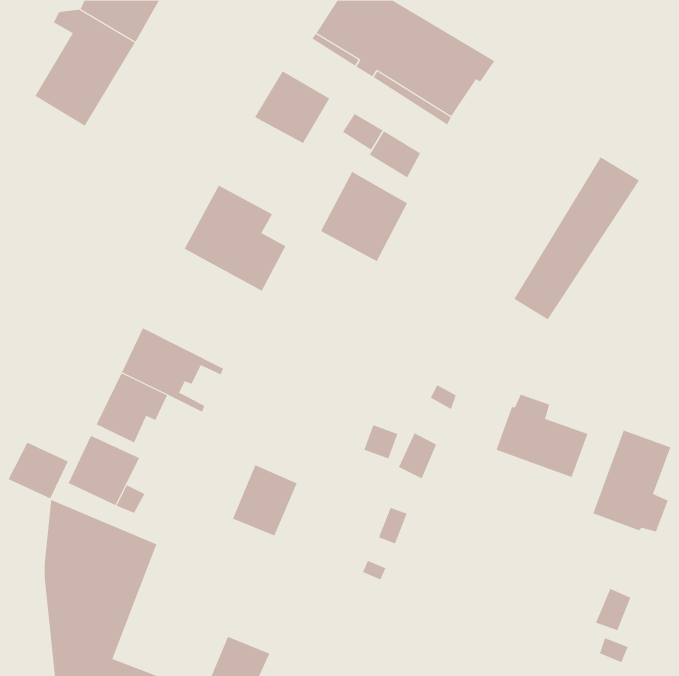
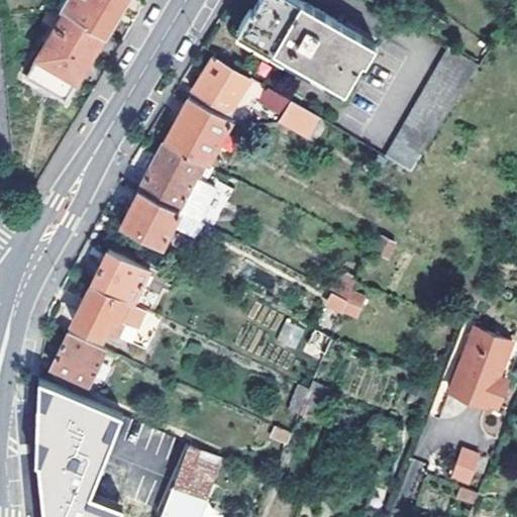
building: [513,156,640,320] -> [384,49,480,174]
building: [320,171,408,262] -> [166,98,232,167]
building: none -> [121,192,205,248]
building: [496,394,588,478] -> none
building: [8,442,68,499] -> none
building: [232,464,298,536] -> [173,444,222,499]

